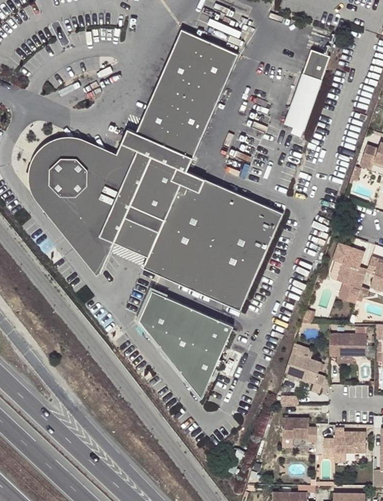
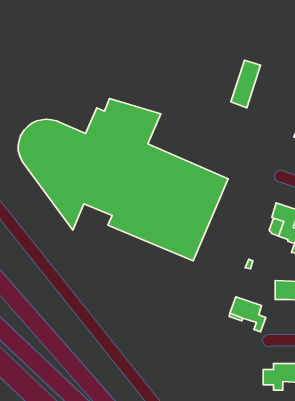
building: [142,31,237,138] -> none
building: [300,50,328,81] -> none
building: [138,290,233,398] -> none
building: [281,418,315,441] -> none

